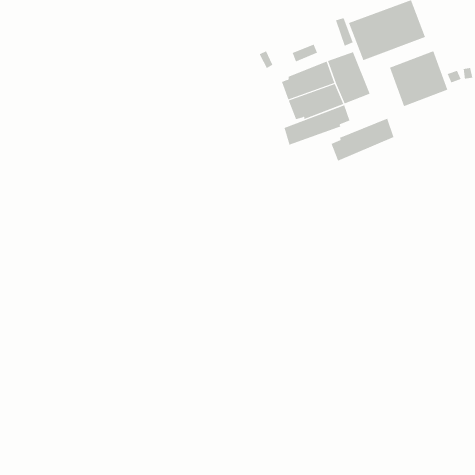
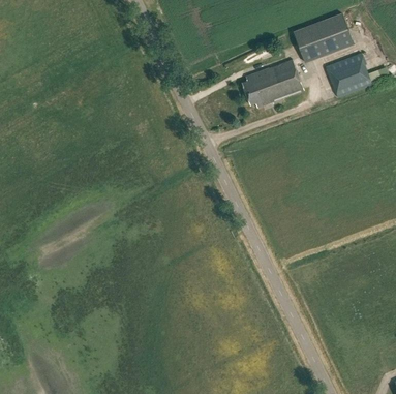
building: [284,104,350,146] -> none
building: [331,118,394,161] -> none

